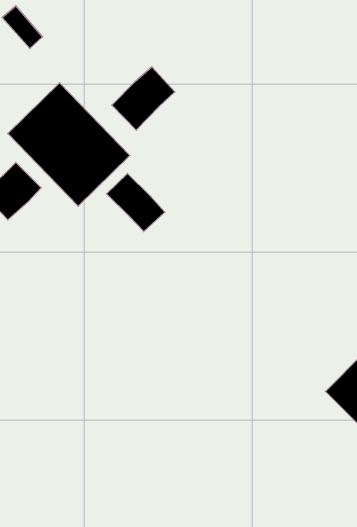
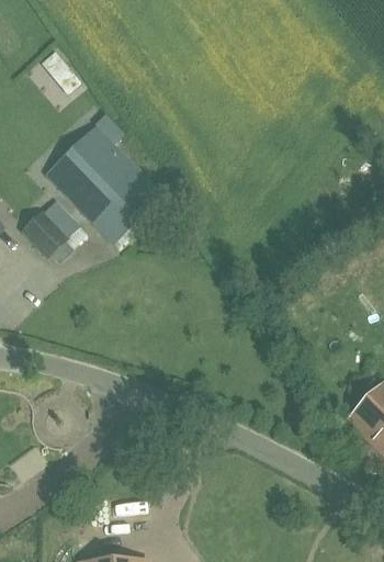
building: [112,67,175,130] -> none
building: [106,173,165,232] -> none

